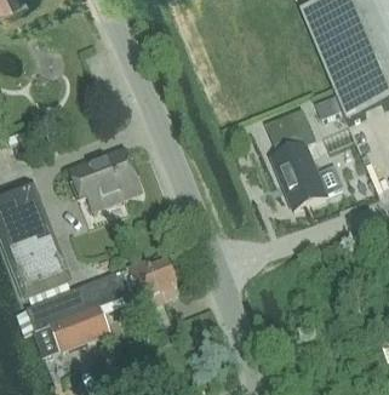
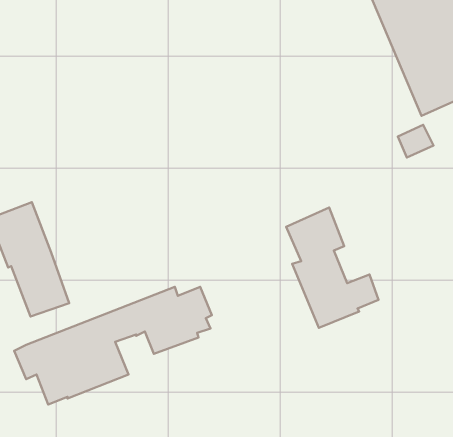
building: [267,110,342,208] -> [286,207,378,328]
building: [67,148,141,210] -> none

